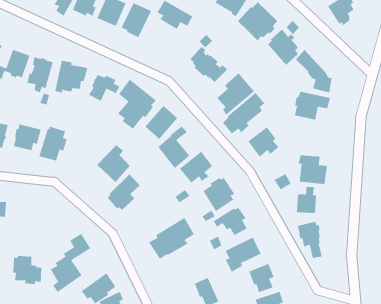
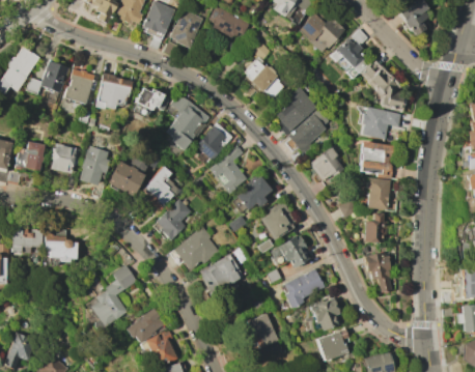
building: none -> [360,141,395,178]
building: none -> [108,158,150,196]
building: none -> [170,226,220,269]
building: [12,255,42,284] -> [45,229,78,261]

